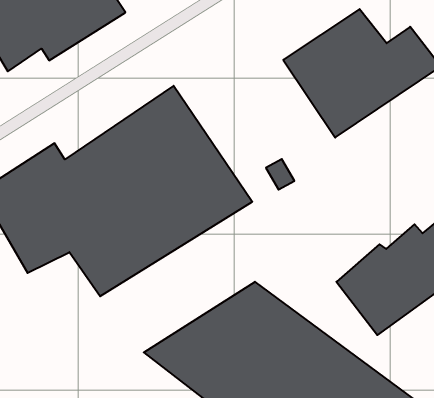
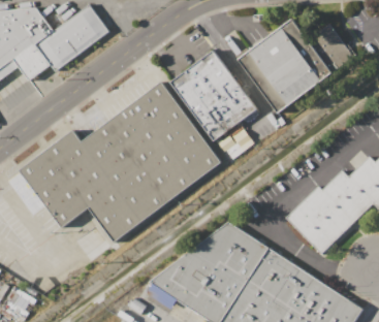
building: none -> [169,53,255,141]

